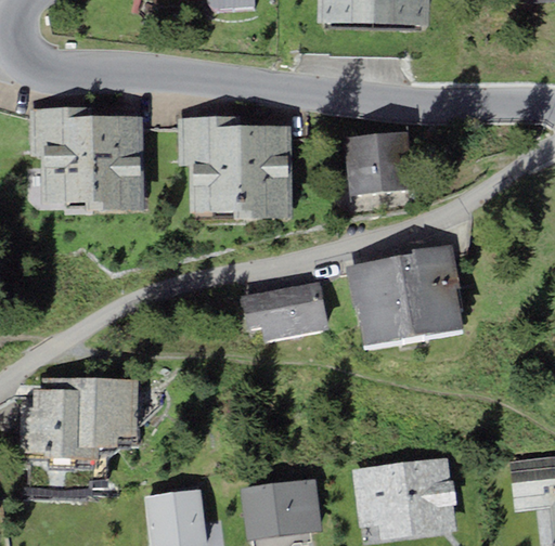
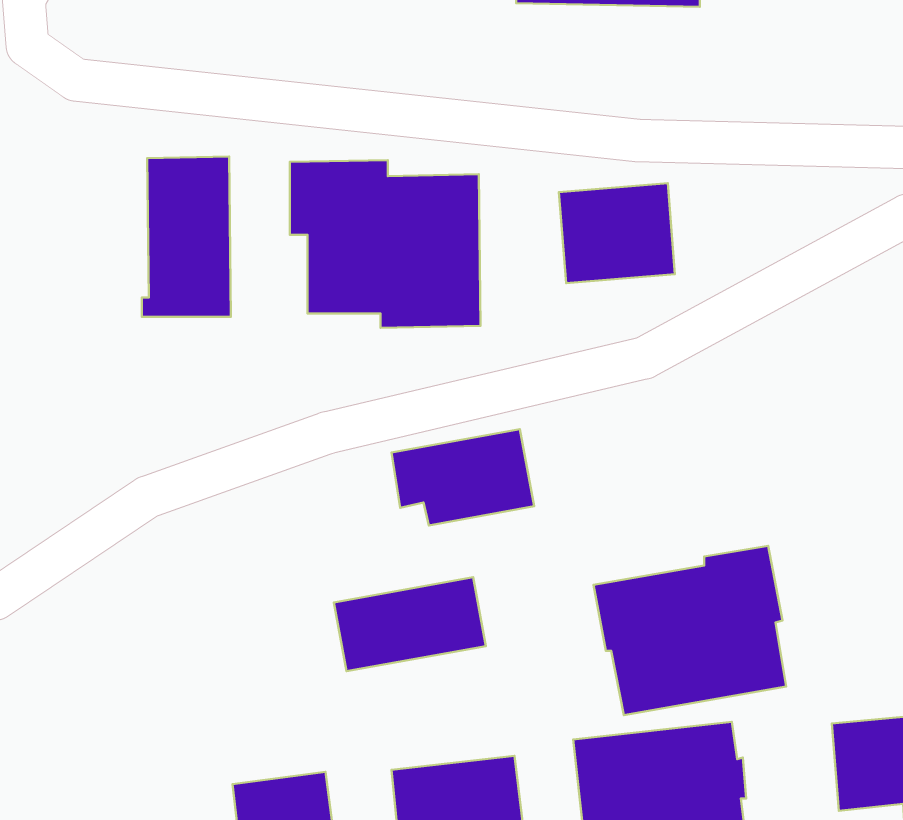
building: [29,107,93,200] -> none
building: [346,242,463,344] -> [593,546,786,715]
building: none -> [334,577,486,671]
building: [18,378,135,460] -> none

